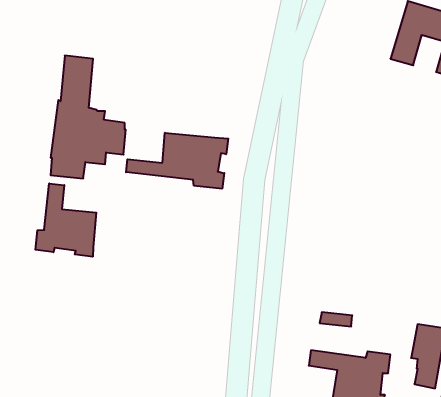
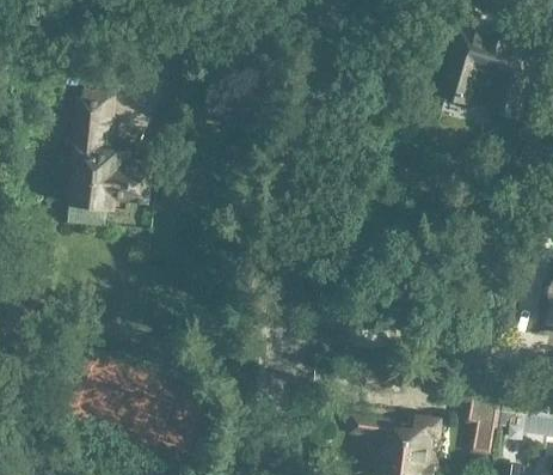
building: [126,133,228,189] -> none
building: [35,183,96,257] -> none

